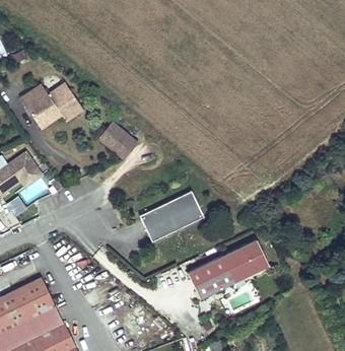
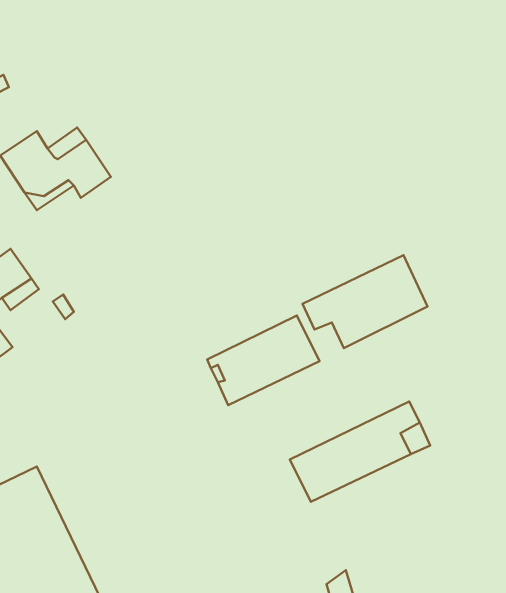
building: [97,121,138,159] -> none
building: none -> [302,255,428,348]

